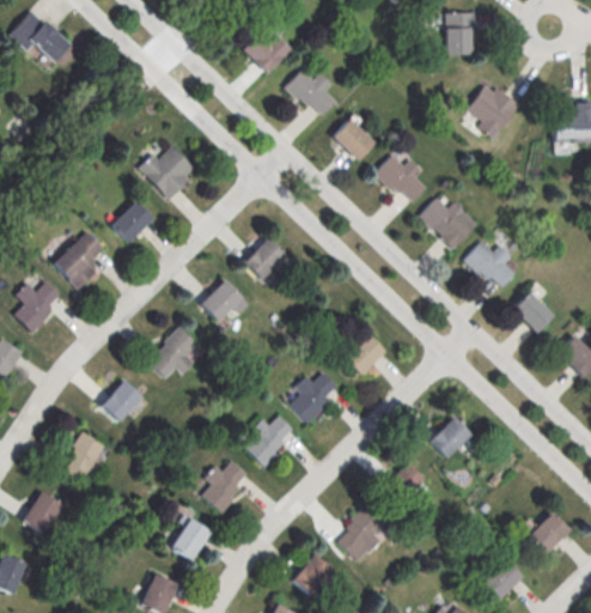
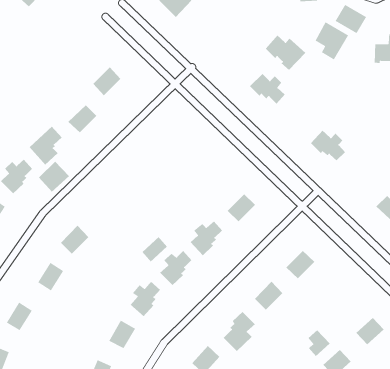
building: none -> [334,4,367,34]
building: [285,71,337,117] -> none
building: [333,122,374,162] -> none
building: [418,196,477,249] -> [265,35,306,71]
building: [243,236,285,278] -> none
building: [202,277,244,320] -> none
building: none -> [38,161,70,193]
building: [512,290,554,330] -> none
building: [157,328,199,370] -> none
building: none -> [141,236,168,263]
building: none -> [307,329,331,357]

